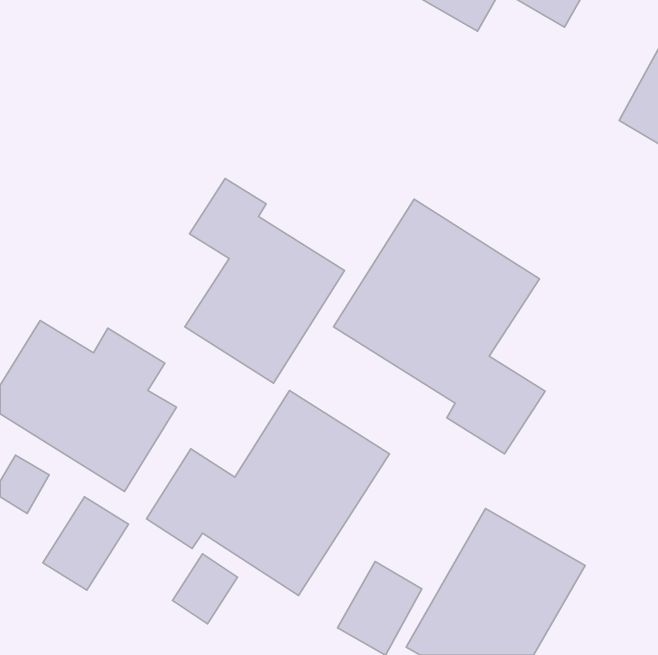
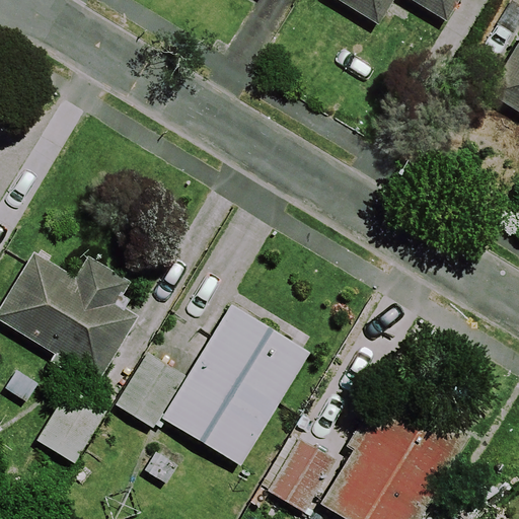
building: [185,179,345,383] -> none
building: [334,199,545,454] -> none

